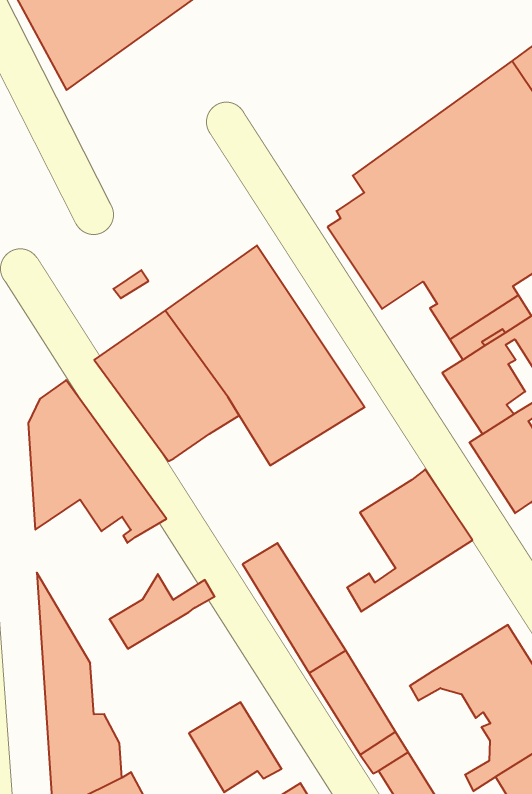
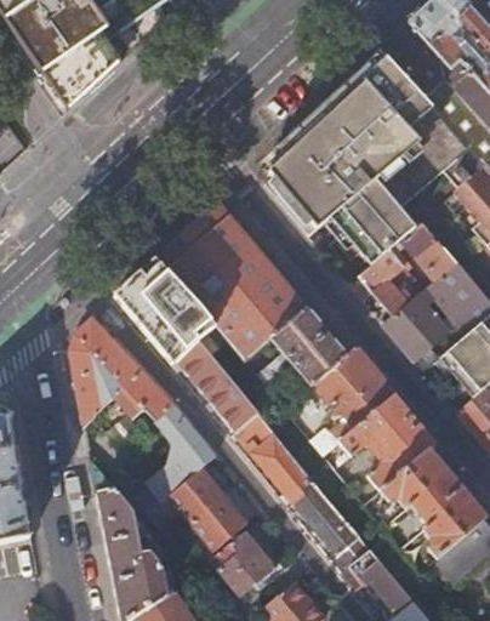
building: none -> [245,308,347,406]
building: none -> [176,341,257,431]
building: none -> [155,405,209,462]
building: none -> [337,393,437,490]
building: none -> [161,466,245,549]

